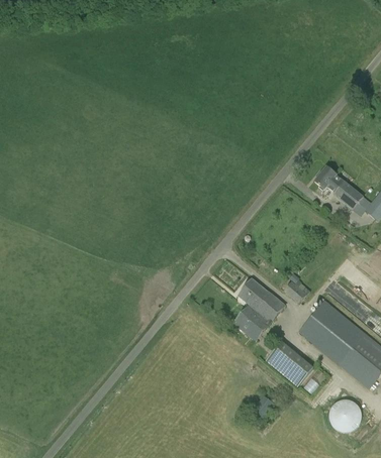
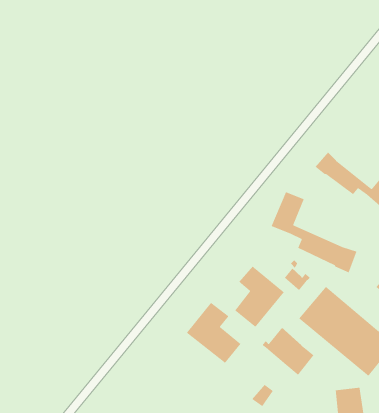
building: none -> [271,191,357,273]
building: none -> [186,302,241,364]

